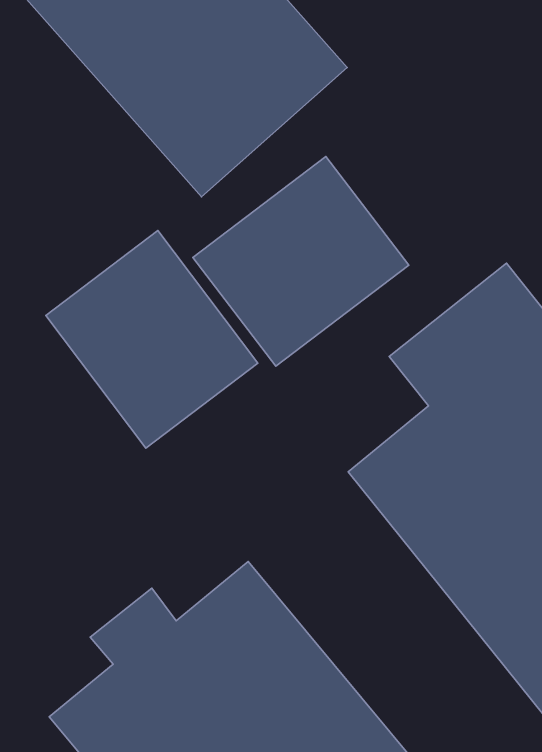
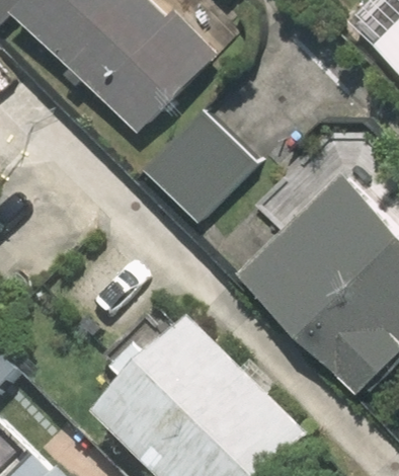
building: [46,230,258,448] -> none

